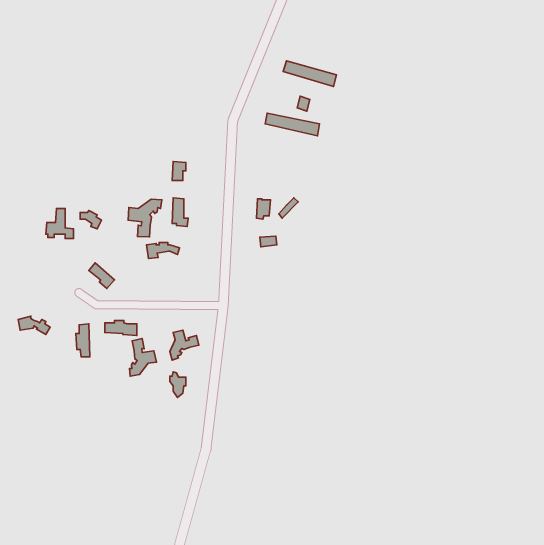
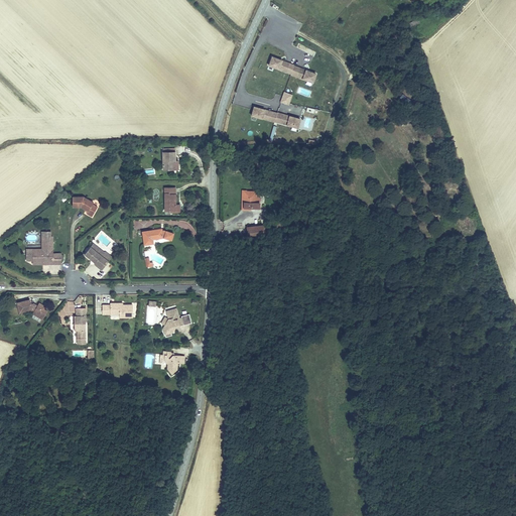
building: [128,199,162,237] -> none
building: [46,209,74,239] -> [34,236,60,264]
building: [129,339,156,376] -> none

